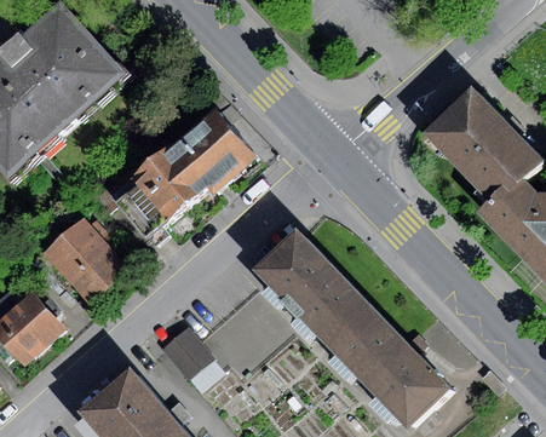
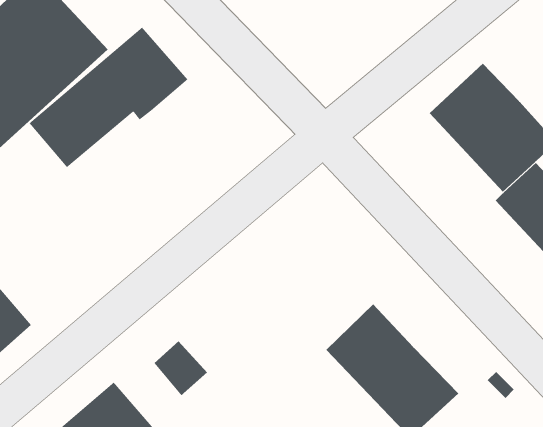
building: [107,105,253,235] -> [29,27,189,168]
building: [40,215,125,301] -> none
building: [255,230,373,349] -> none

